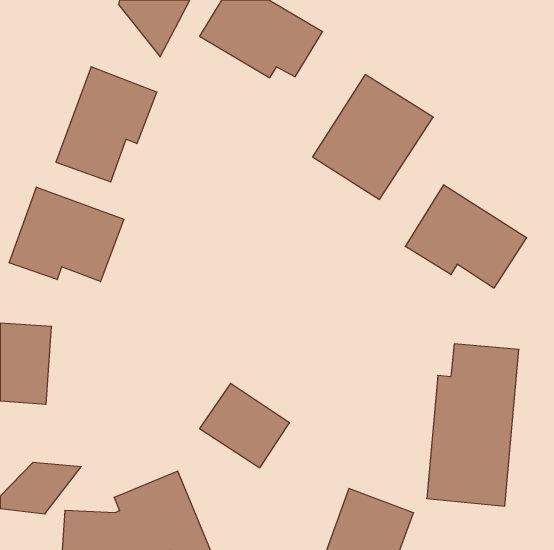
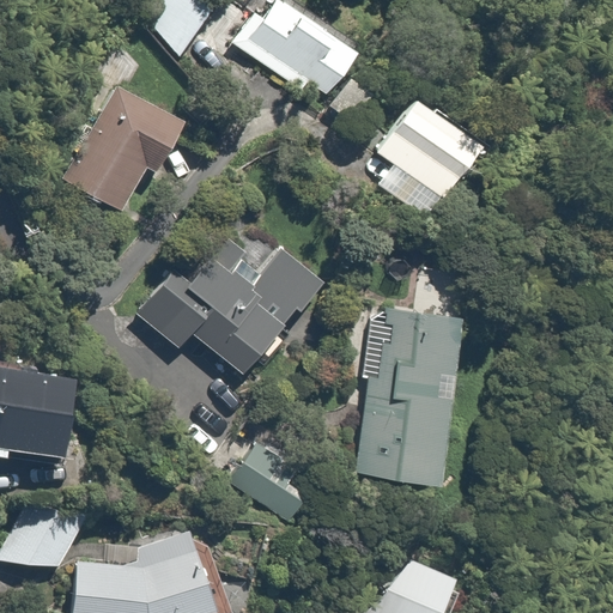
building: [405,185,527,288] -> none
building: [9,187,124,282] -> none
building: none -> [127,235,329,377]
building: [427,344,519,506] -> [358,310,459,487]

